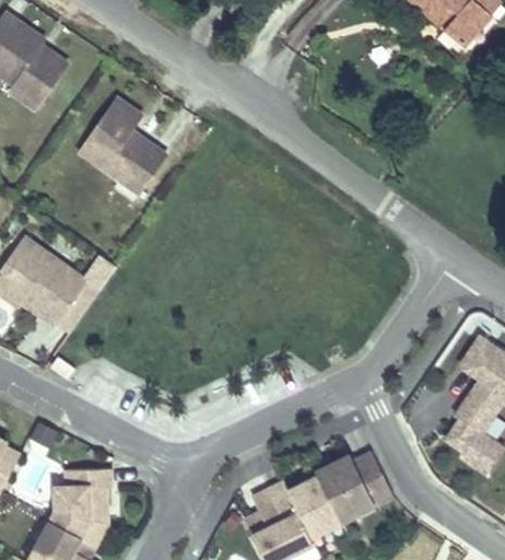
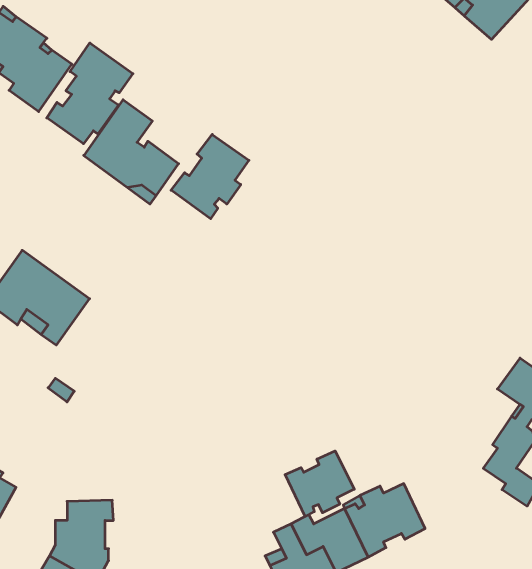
building: none -> [47,43,133,144]
building: none -> [171,134,249,219]
building: none -> [285,451,354,516]

